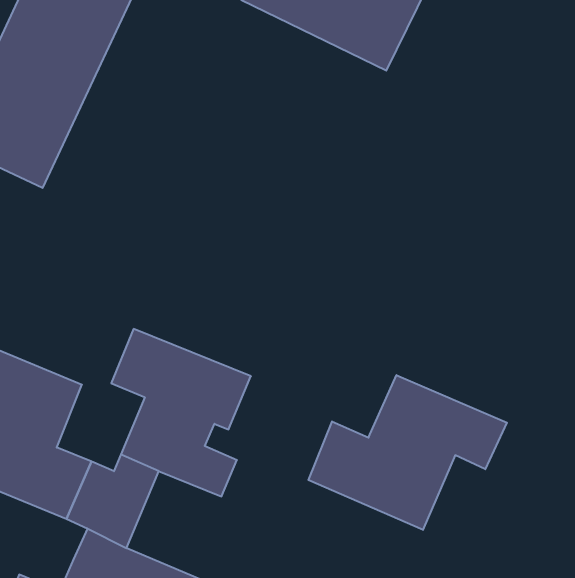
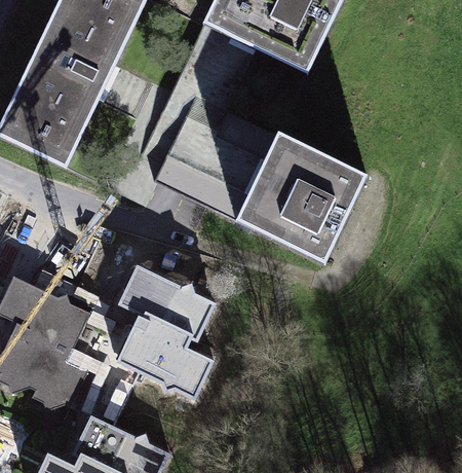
building: none -> [234,134,369,267]
building: [308,375,507,530] -> none

